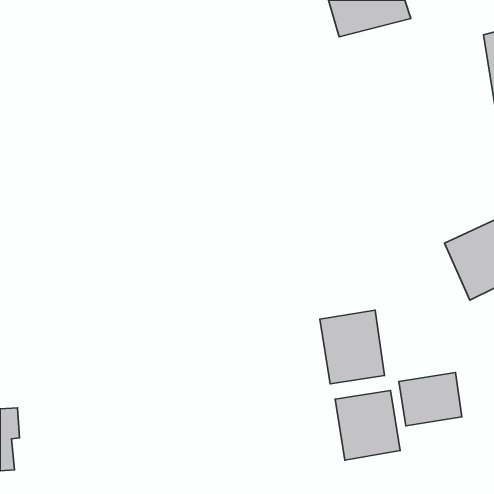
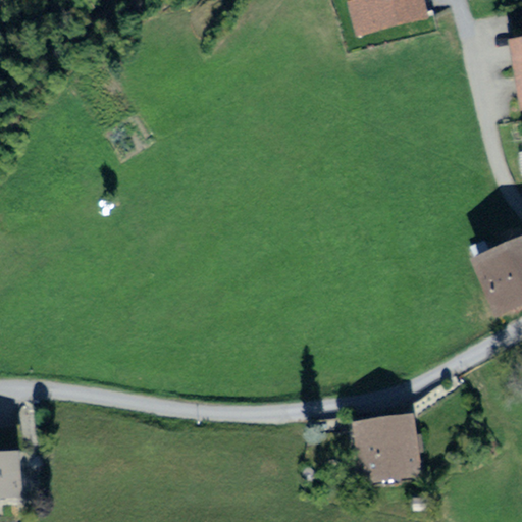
building: [320,310,385,384] -> none
building: [399,372,462,426] -> none

